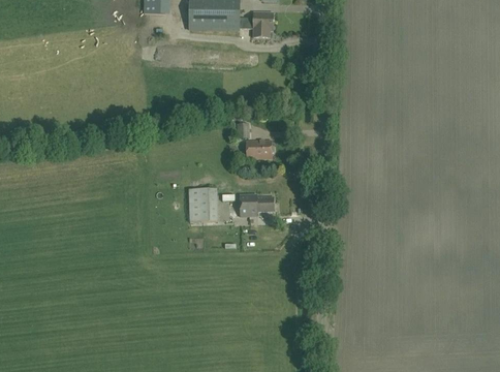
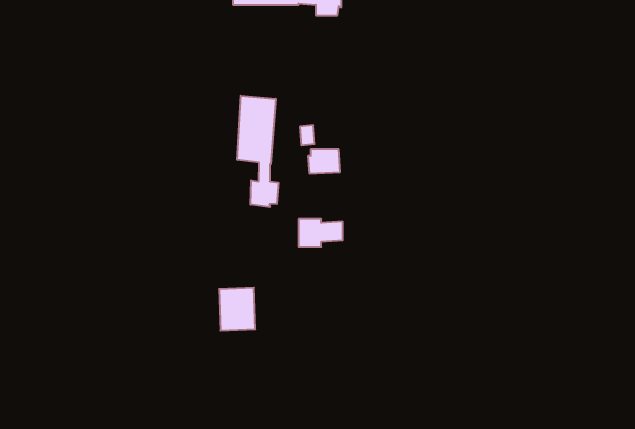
building: none -> [237,96,278,207]
building: [189,189,217,222] -> [219,288,255,331]

